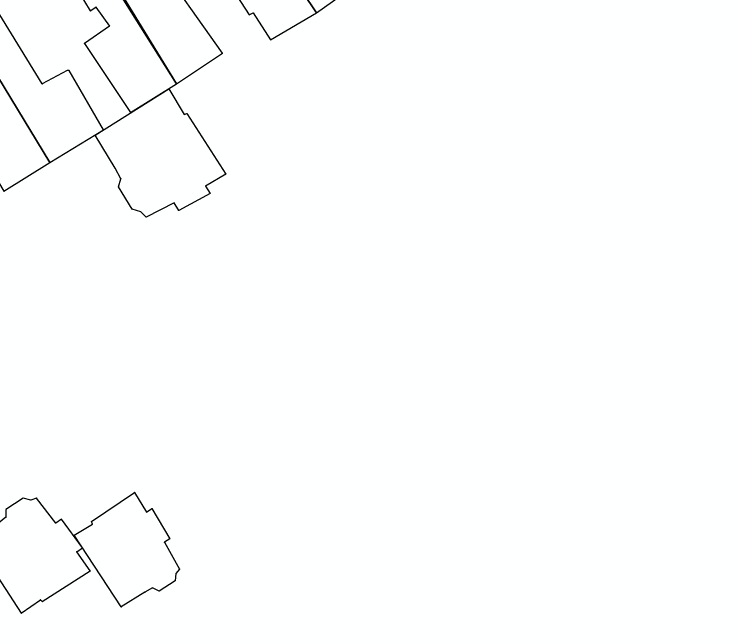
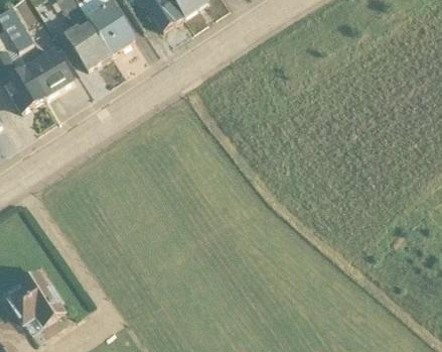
building: [95,89,226,217] -> none
building: [74,492,180,607] -> none

